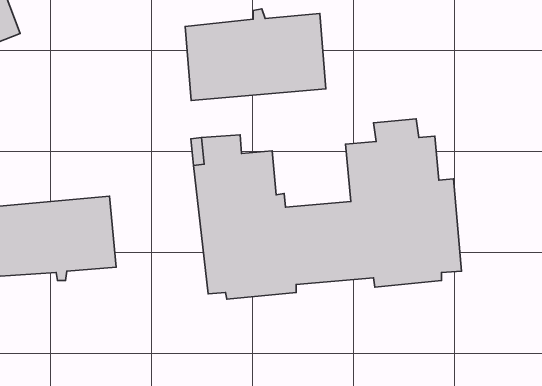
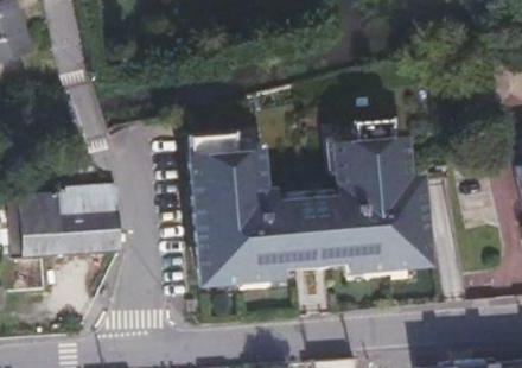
building: [185,9,326,101] -> none

